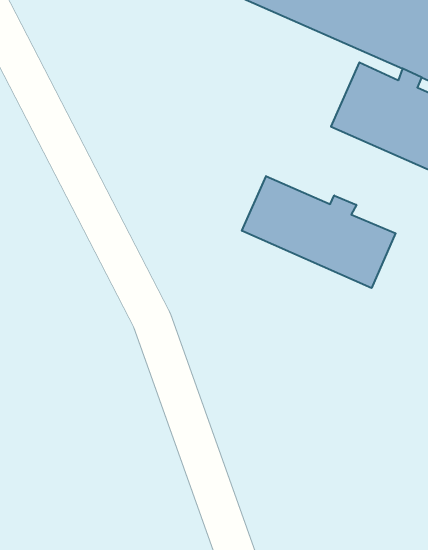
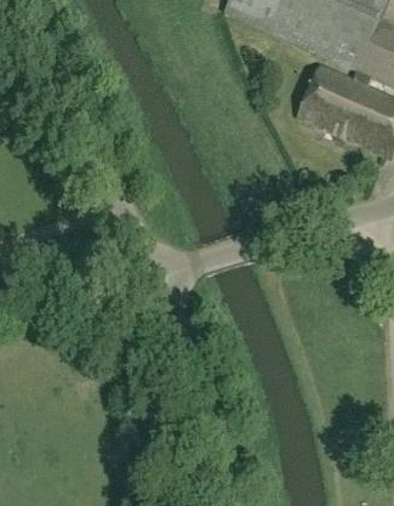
building: [242,176,396,288] -> none

